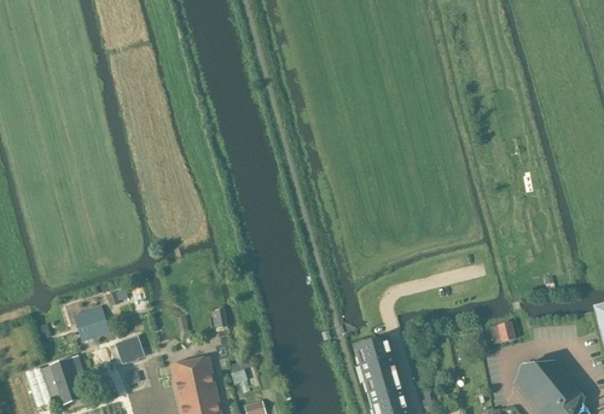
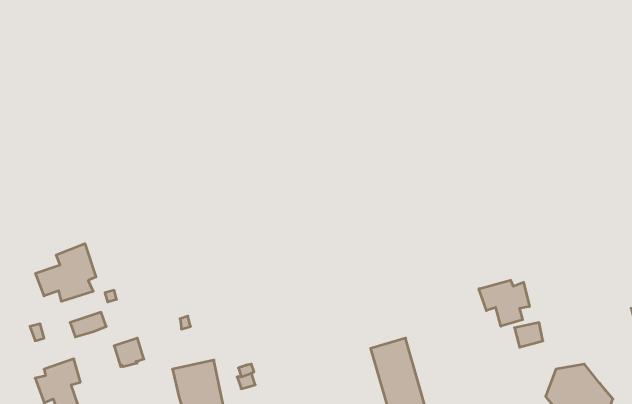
building: none -> [36,244,96,301]
building: none -> [479,280,529,326]

